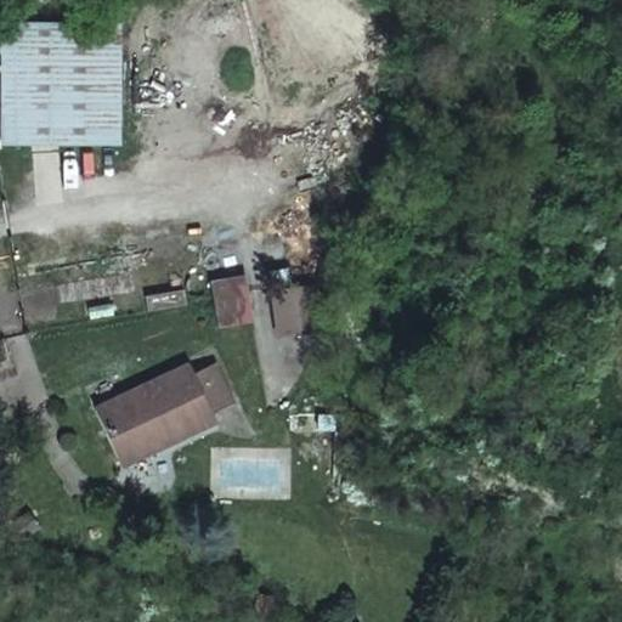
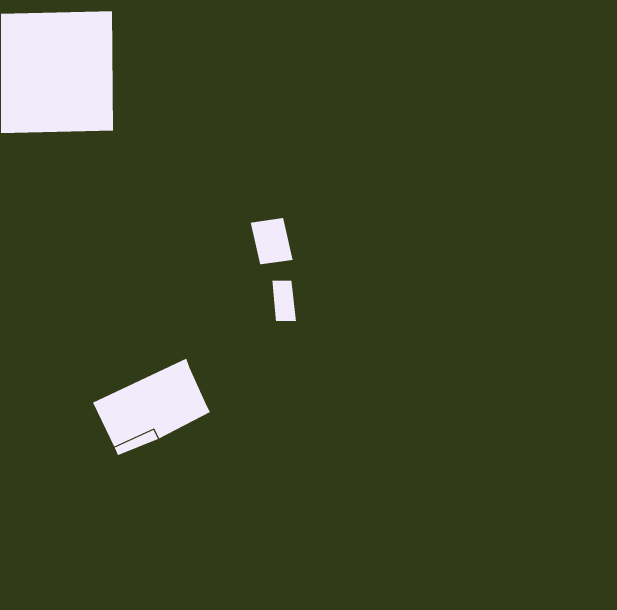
building: [213,277,256,324] -> [250,218,293,265]
building: [193,364,234,415] -> none

